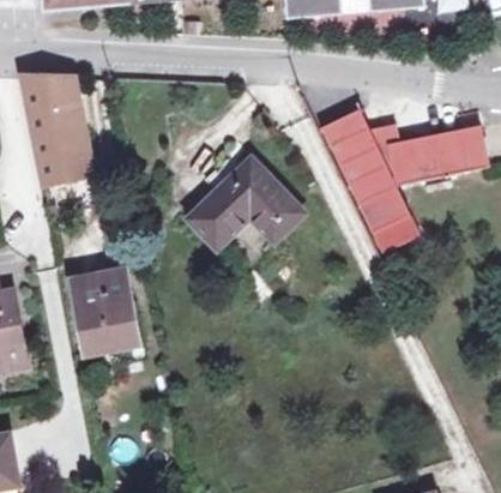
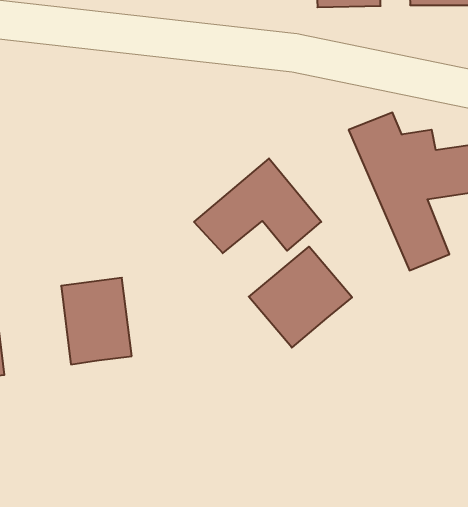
building: [23,77,92,185] -> none
building: none -> [249,247,352,348]

